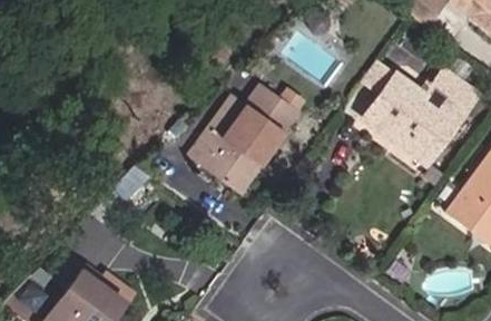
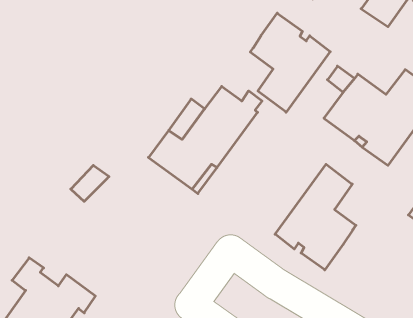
building: none -> [250,13,330,112]
building: none -> [275,164,356,270]

